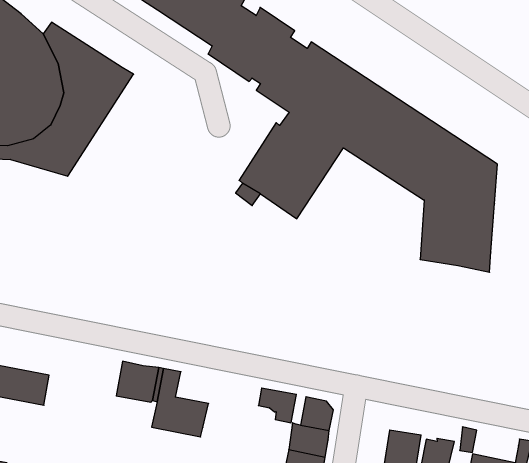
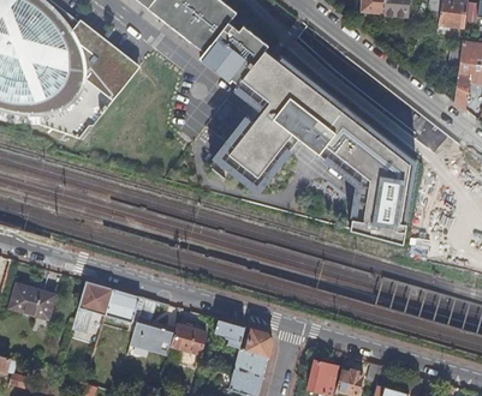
building: none -> [71,280,112,334]
building: none -> [169,323,206,353]

